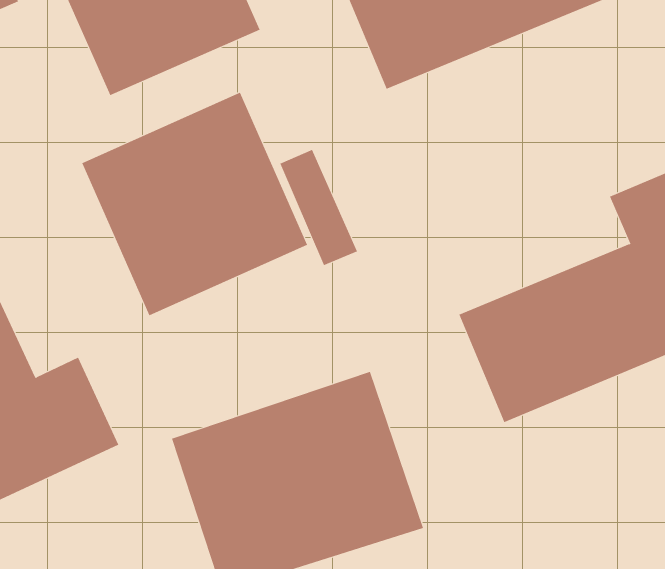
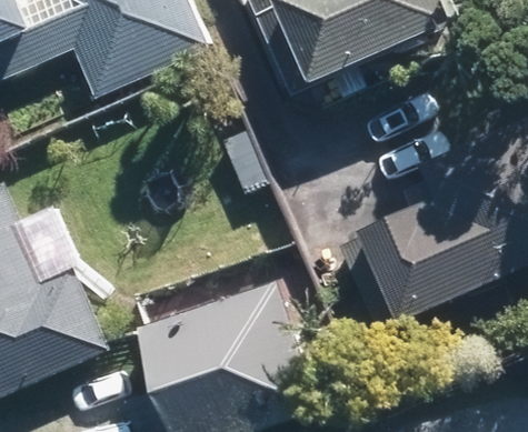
building: [81,92,308,316] -> none

